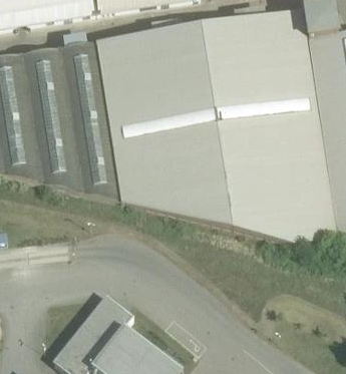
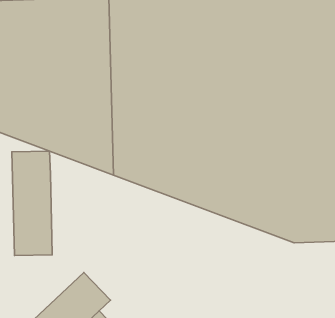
building: none -> [12,151,52,255]

